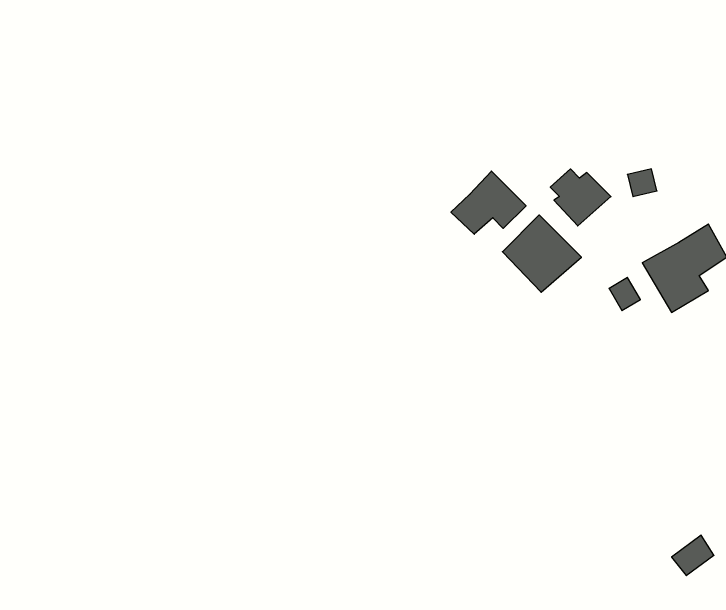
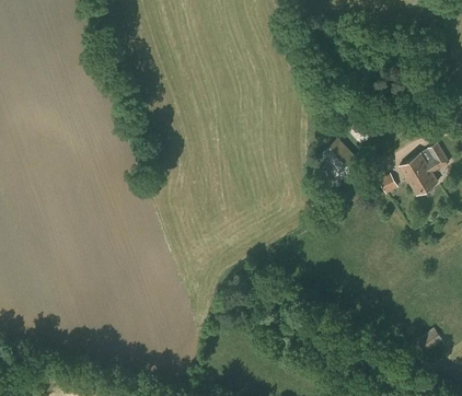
building: [451,171,526,234] -> none

